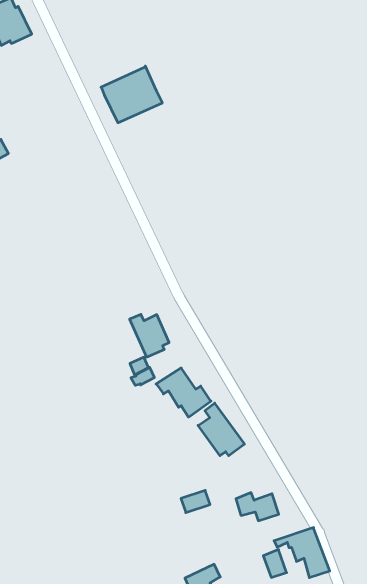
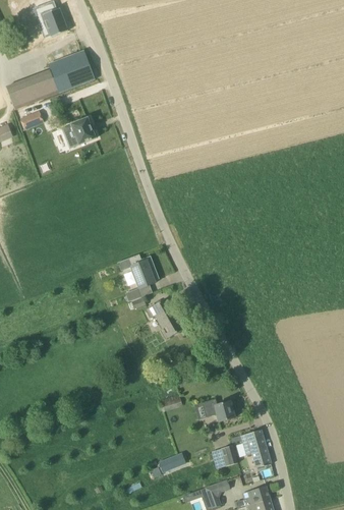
building: [101,66,162,123] -> [47,49,94,92]
building: none -> [65,117,95,148]
building: [198,403,244,456] -> none

